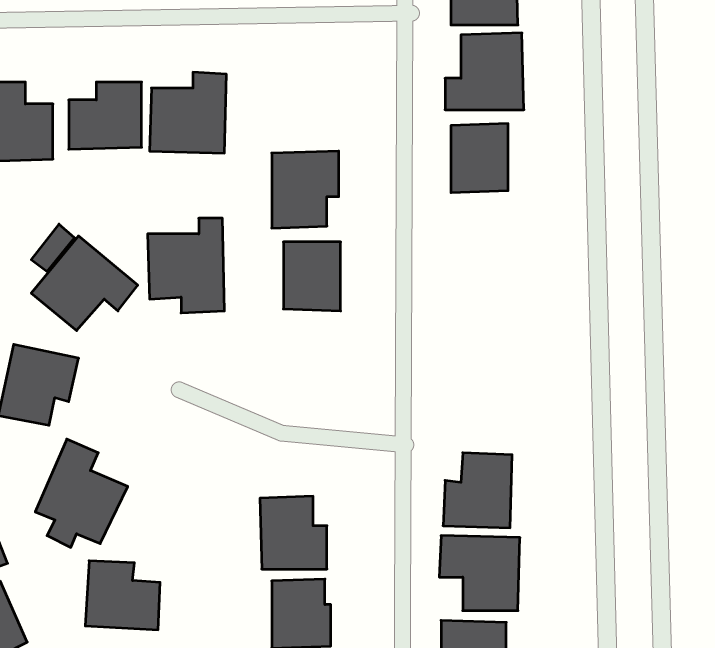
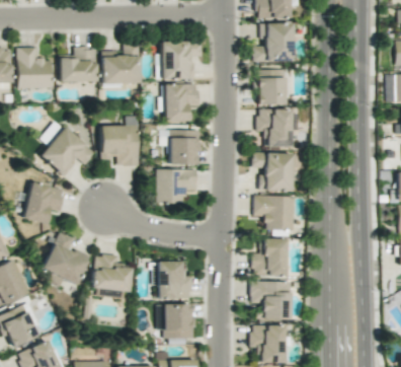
building: none -> [161,41,202,80]
building: none -> [257,108,292,146]
building: none -> [252,152,293,192]
building: none -> [156,169,197,204]
building: none -> [253,195,295,230]
building: [85,561,160,630] -> [93,254,132,290]

